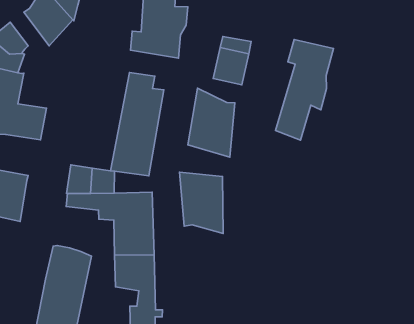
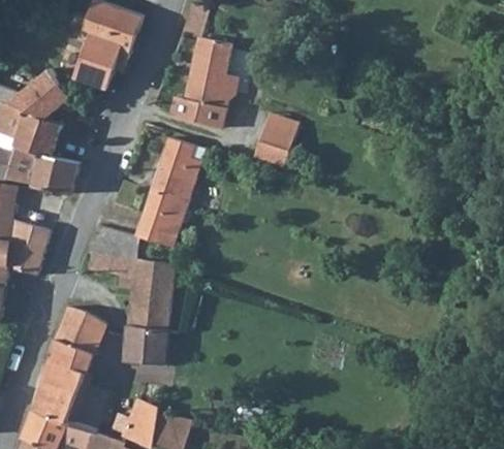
building: [275,40,334,140] -> none
building: [188,88,235,157] -> none
building: [179,172,223,234] -> none

